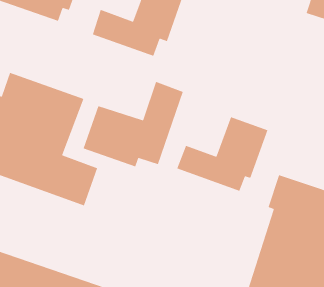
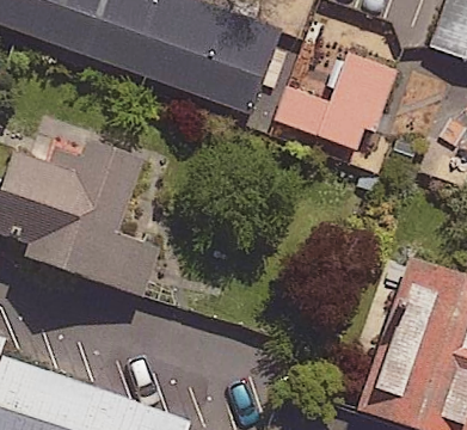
building: [83,81,184,168] -> none
building: [176,116,269,192] -> [281,53,400,150]

